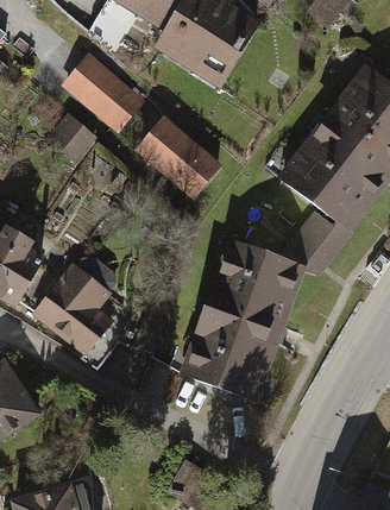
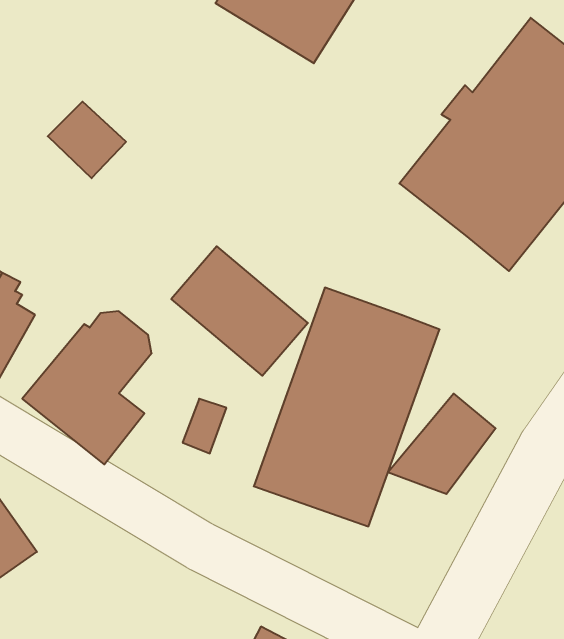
building: [61,57,144,137] -> none
building: [132,121,221,206] -> [171,246,308,376]
building: [278,204,348,270] -> [388,394,496,494]

